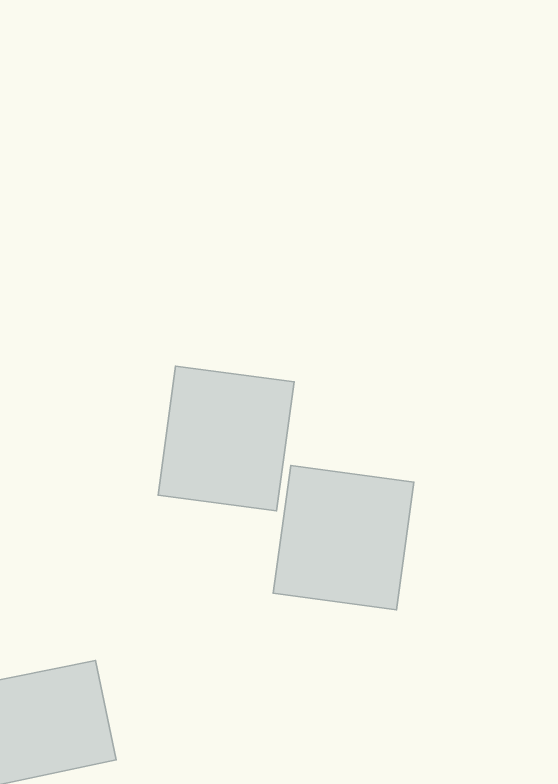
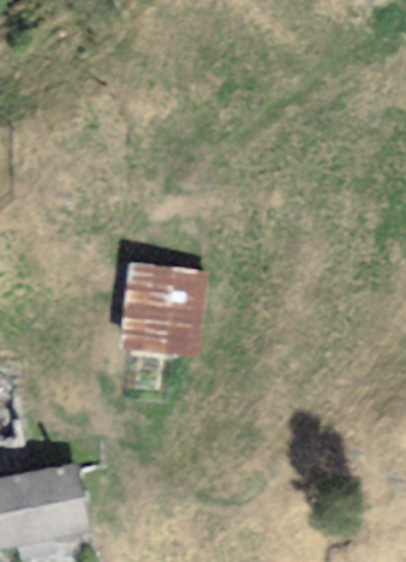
building: [273,466,414,610] -> none

